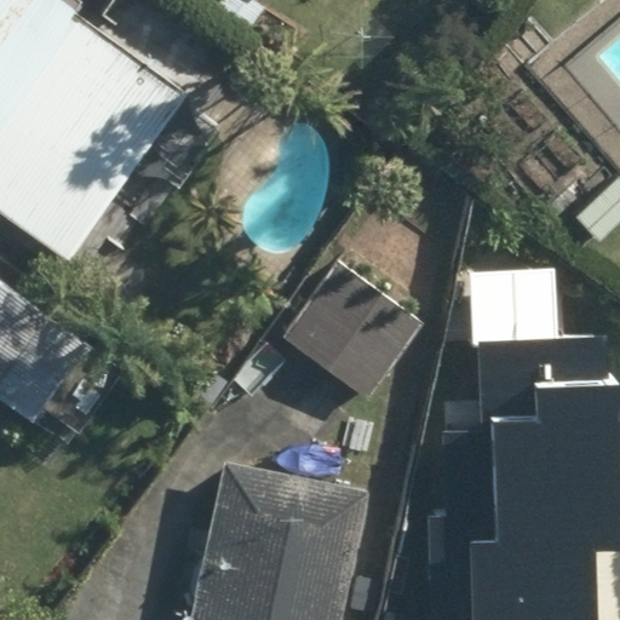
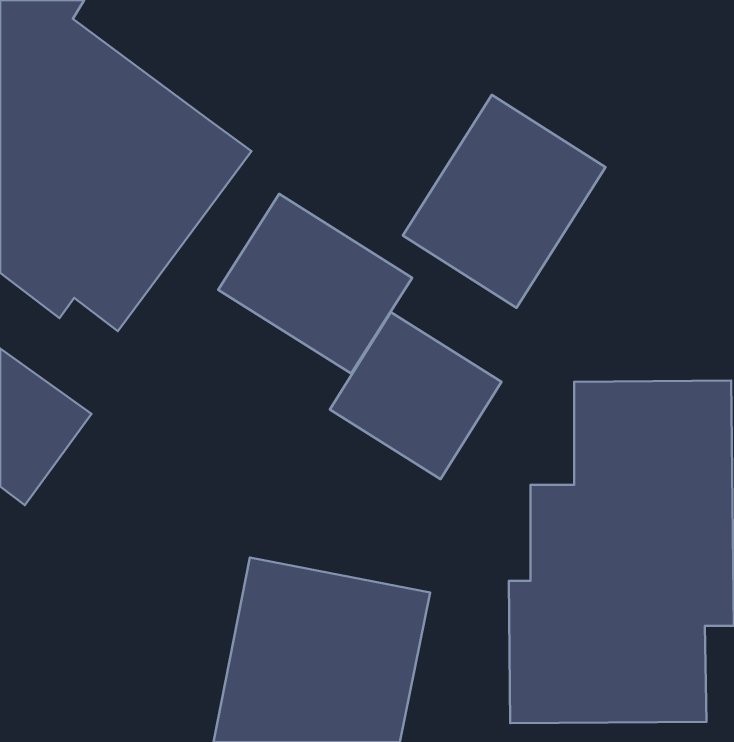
building: none -> [403,95,605,308]
building: none -> [218,194,412,374]

